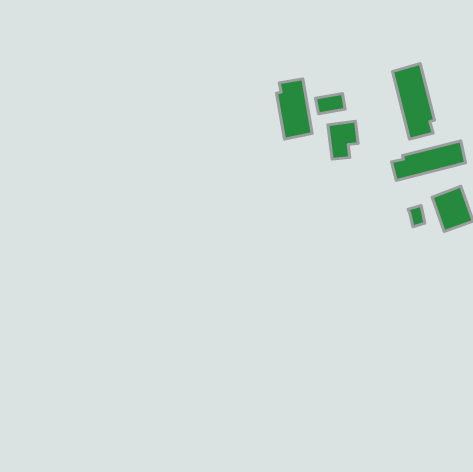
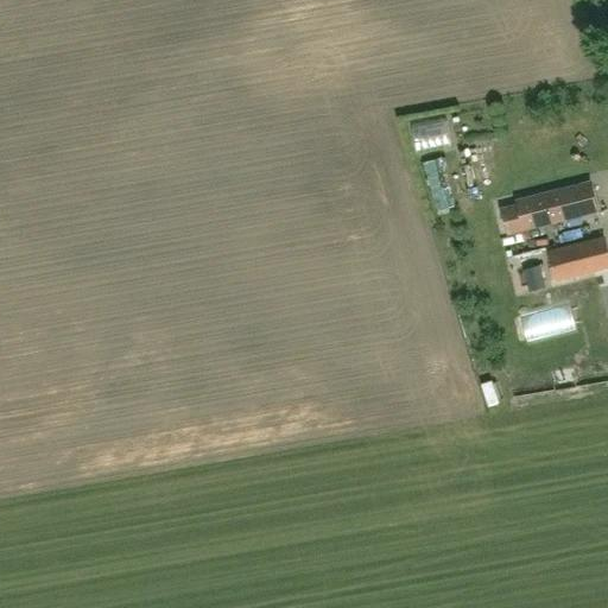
building: [392,63,435,139] -> none
building: [277,79,312,139] -> none

